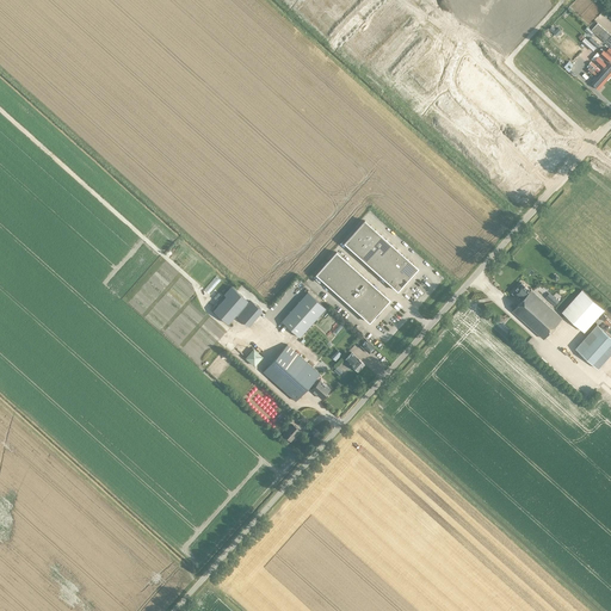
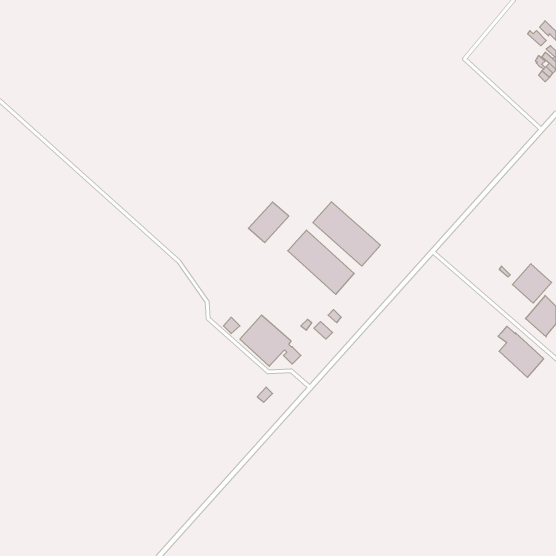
building: [511,284,561,340] -> [498,326,544,377]
building: [212,289,260,328] -> none
building: [280,294,325,338] -> [248,202,289,242]

